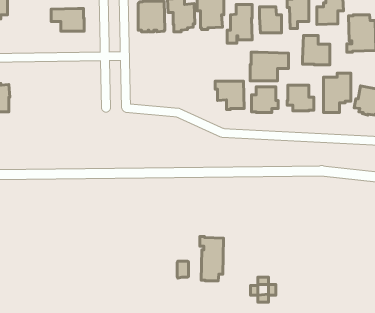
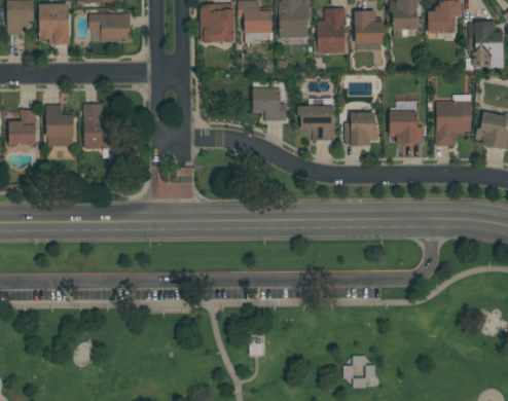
building: none -> [42,9,70,44]
building: [303,36,330,65] -> none
building: [250,52,289,81] -> none
building: none -> [253,87,287,120]
building: none -> [83,103,113,157]
building: none -> [46,104,74,143]
building: [200,236,224,281] -> none

